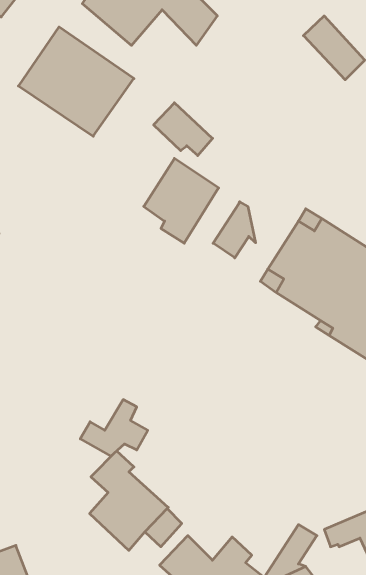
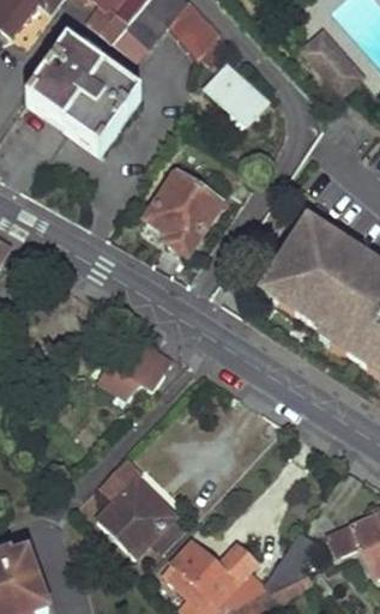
building: [154,103,213,156] -> [209,65,266,116]
building: [213,202,256,258] -> none
building: [80,400,148,456] -> [99,341,165,396]

